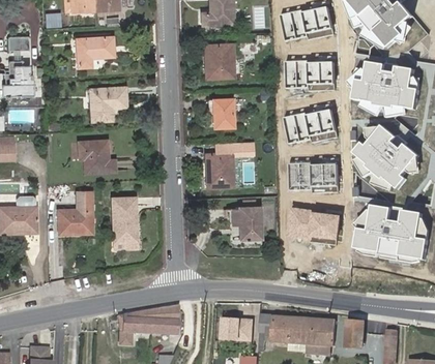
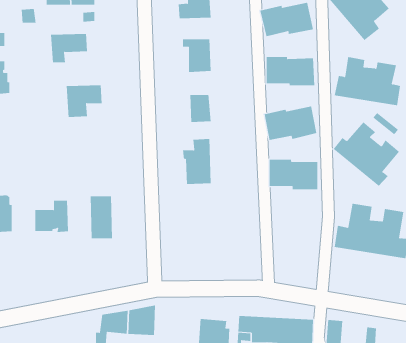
building: [79,140,115,173] -> none
building: [238,205,261,236] -> none
building: [289,207,340,242] -> none

